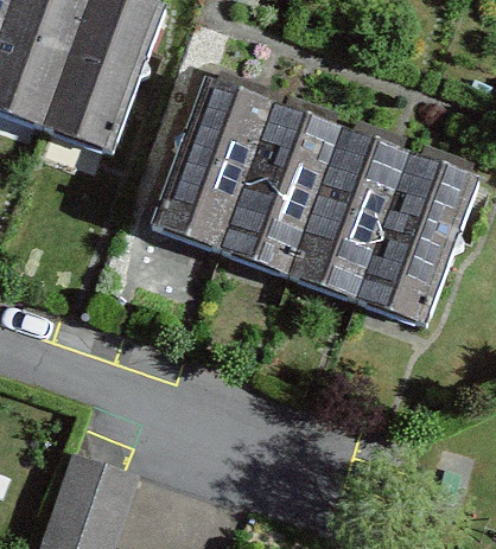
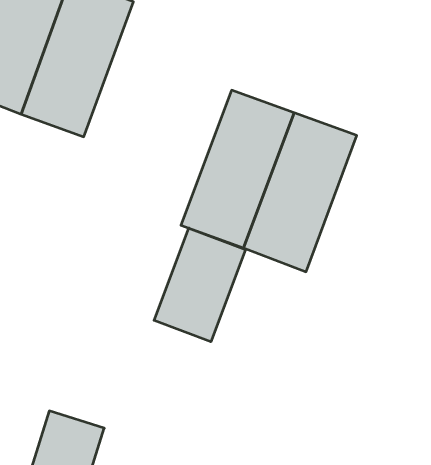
building: [148,76,273,250] -> none
building: [355,152,479,326] -> none
building: none -> [154,228,245,342]

